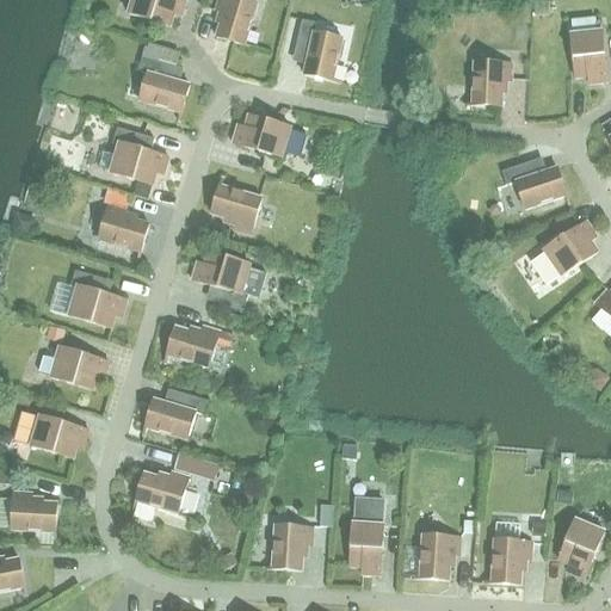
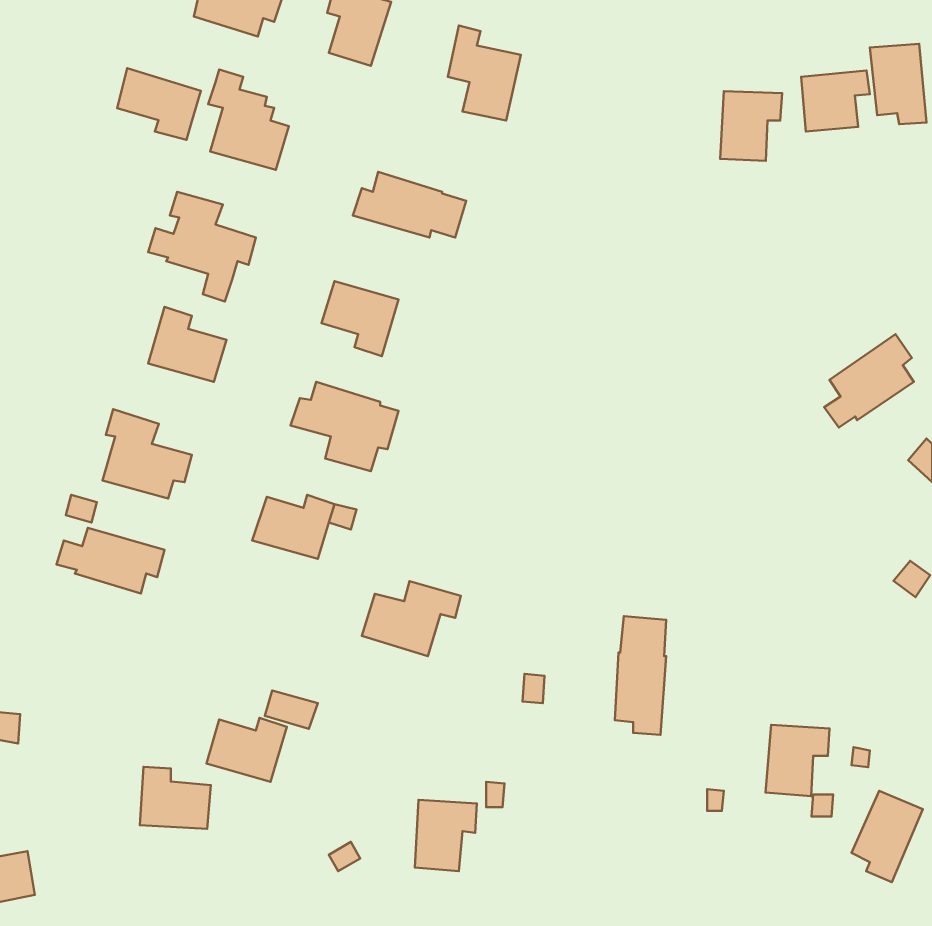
building: none -> [117,68,201,140]
building: none -> [801,70,870,132]
building: [500,158,564,208] -> none
building: [143,389,208,438] -> [362,581,461,656]
building: [29,413,87,456] -> none
building: [10,489,56,530] -> [140,767,211,829]
building: [348,496,382,574] -> [615,616,666,735]
building: [418,532,458,579] -> none
building: [489,537,531,584] -> [766,725,830,796]

